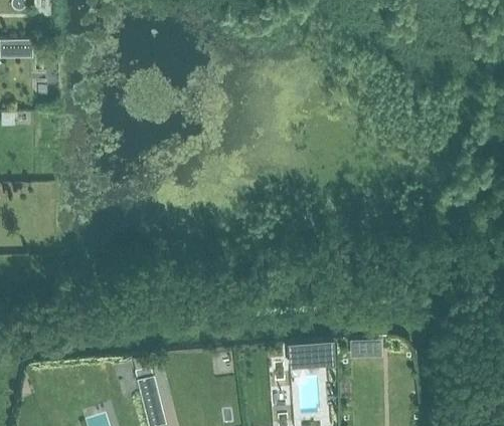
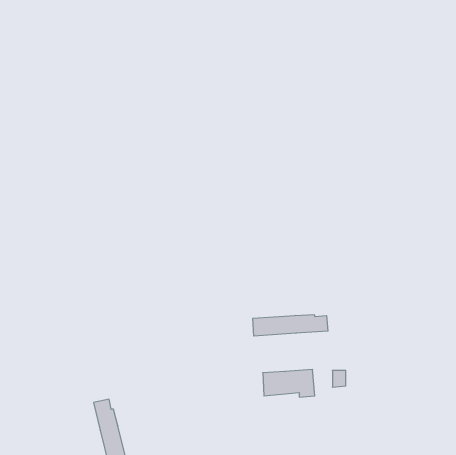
building: none -> [253,315,328,336]

